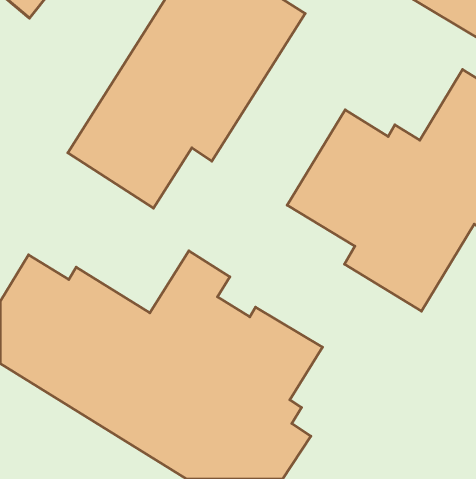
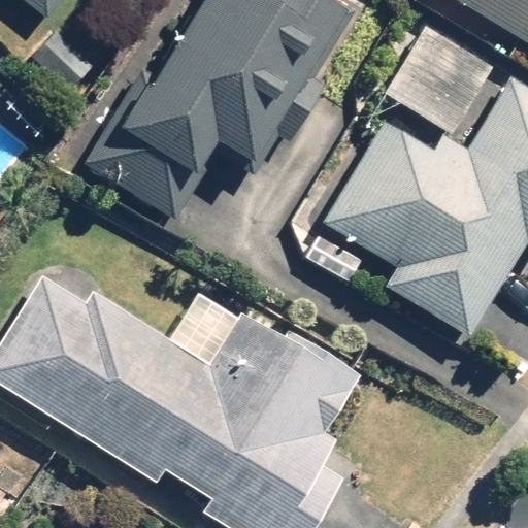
building: none -> [384,20,496,134]

